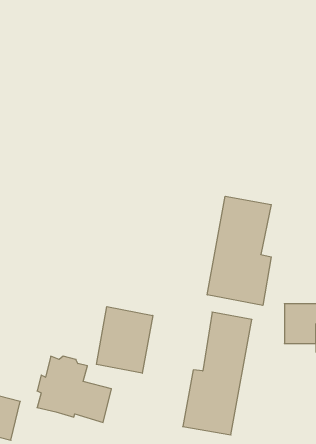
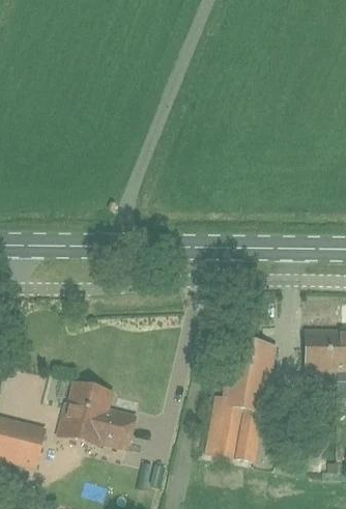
building: [207,196,271,305] -> none
building: [96,307,153,373] -> none

